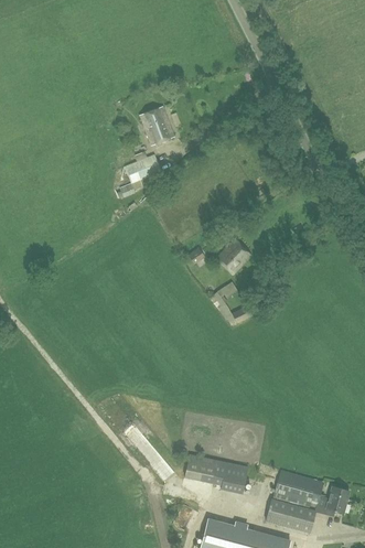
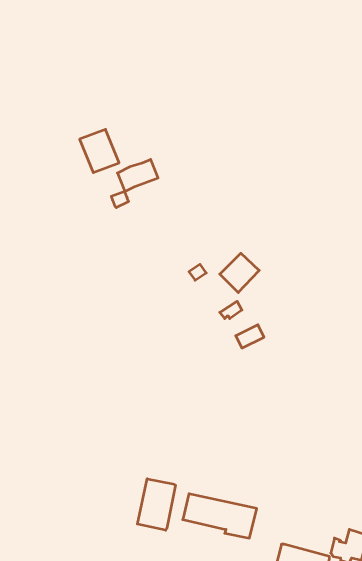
building: [140,106,175,144] -> [80,129,119,173]
building: none -> [137,479,175,530]
building: [276,470,323,506] -> none

